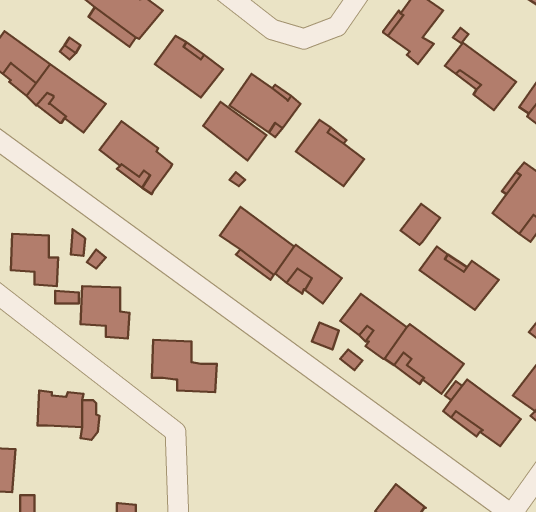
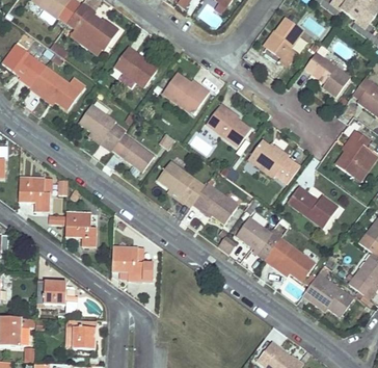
building: [203,102,266,161] -> [112,133,154,172]
building: none -> [247,138,289,177]
building: none -> [73,319,96,350]

